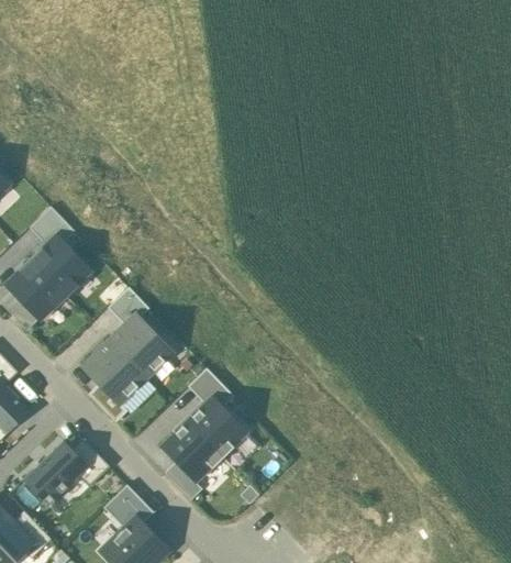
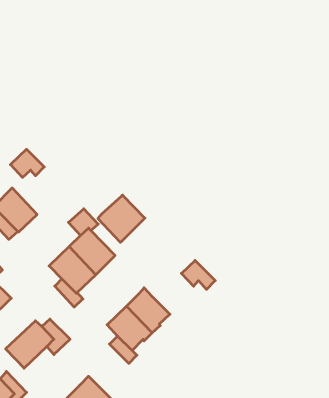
building: [31,235,90,296] -> none
building: none -> [98,195,145,242]
building: [188,368,234,408] -> [181,260,215,289]
building: [103,485,154,529] -> none

